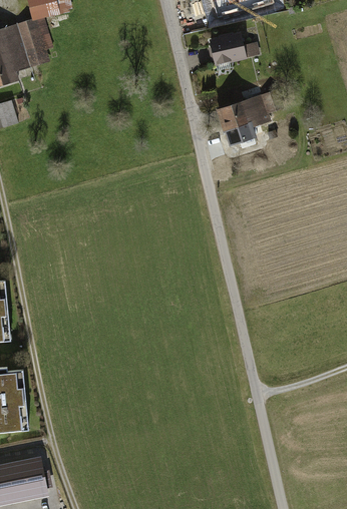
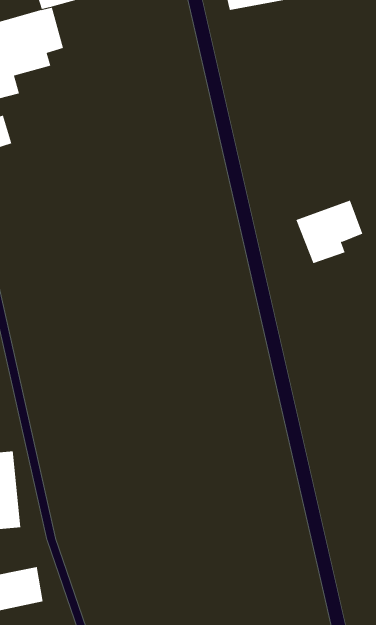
building: [210,31,259,64] -> none
building: [217,93,271,144] -> [295,200,363,264]

